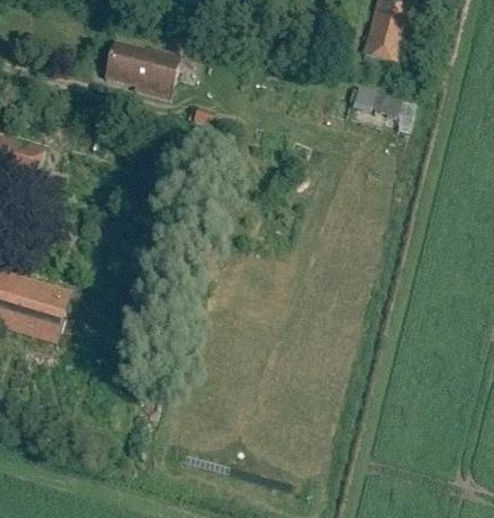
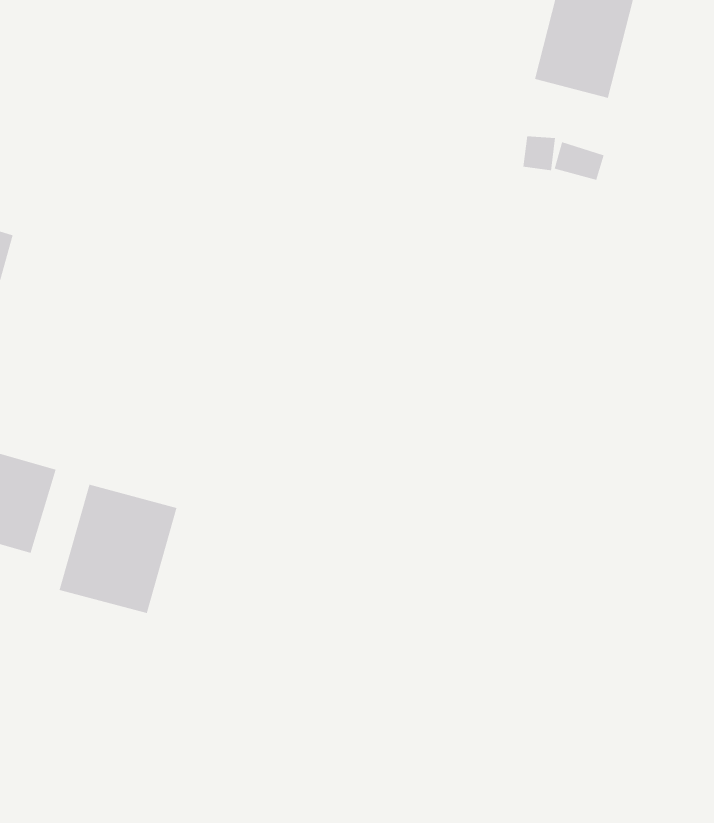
building: [103,40,179,101] -> none
building: none -> [59,484,177,614]

